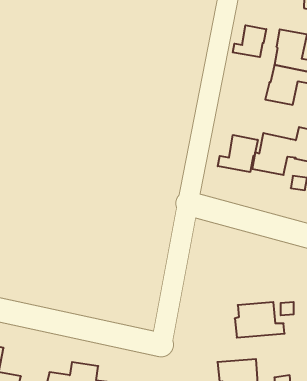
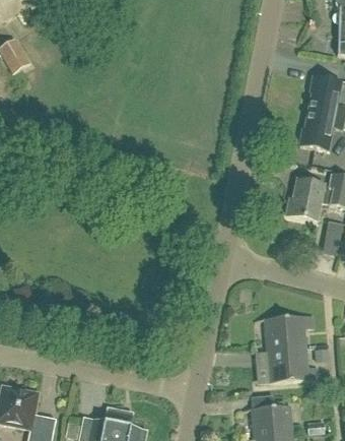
building: [233,25,266,57] -> none
building: [218,135,258,172] -> none
building: none -> [264,314,306,350]

